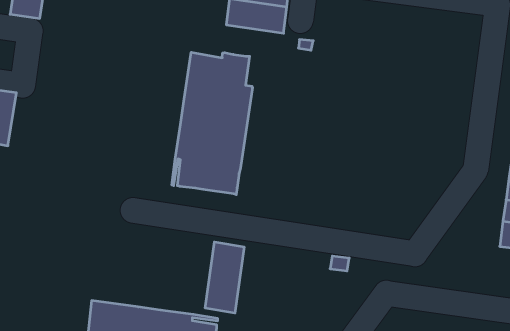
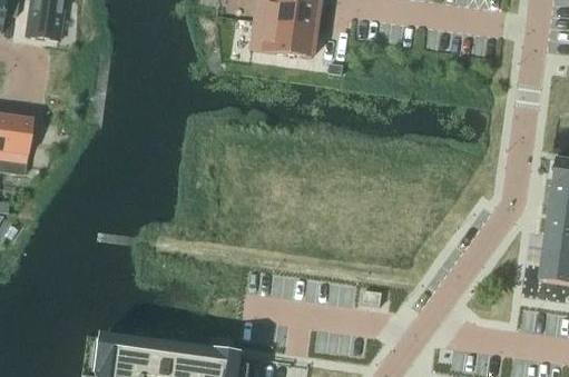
building: [172,52,252,195] -> none
building: [205,242,244,313] -> none

